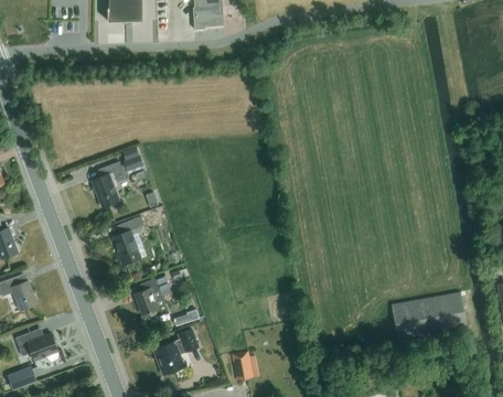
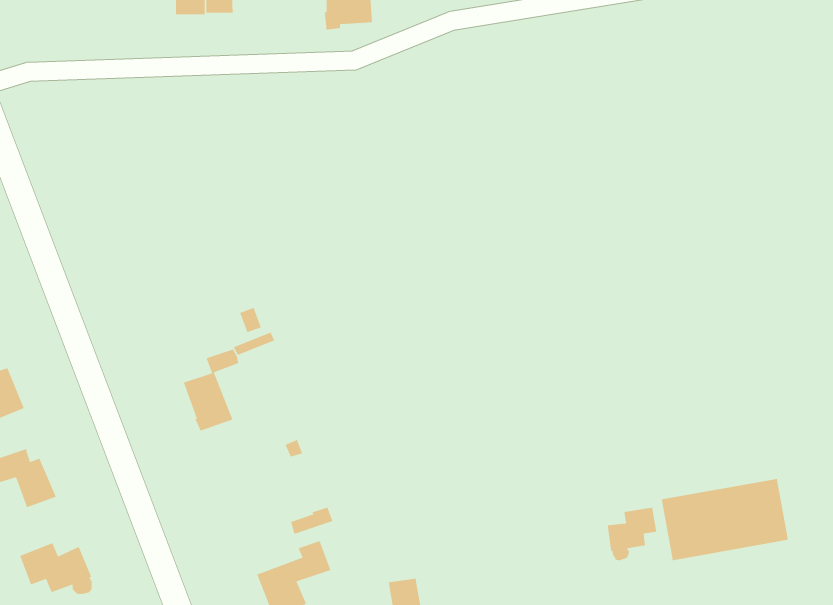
building: [92,146,145,207] -> none
building: [135,275,170,314] -> none
building: none -> [607,507,657,561]

